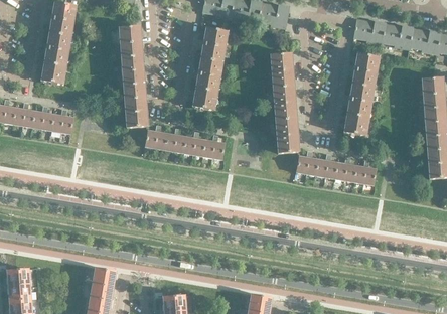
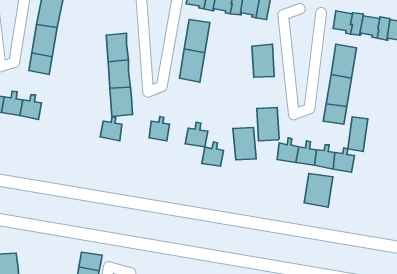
building: [118,25,141,43] -> none
building: [272,86,296,119] -> [233,128,256,160]
building: [192,88,216,110] -> none
building: [50,108,72,133] -> none
building: [144,124,166,149] -> [100,116,122,141]
building: none -> [348,117,368,152]
building: [182,130,204,155] -> [202,142,223,166]
building: none -> [304,173,333,207]

